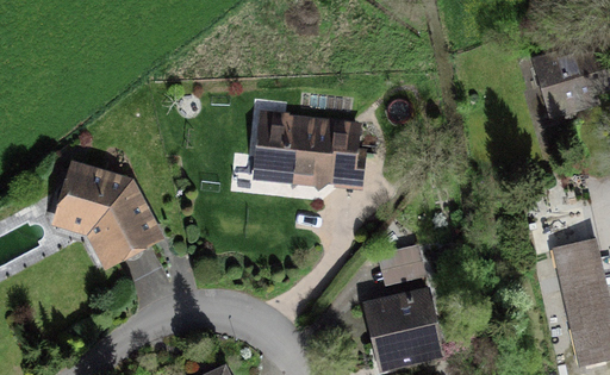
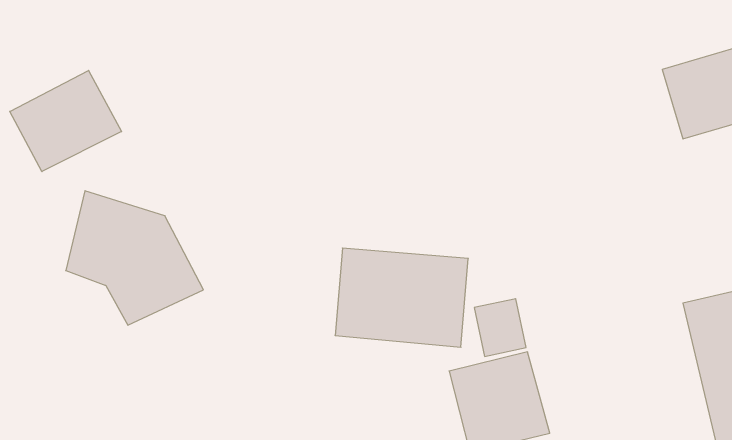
building: none -> [10,70,122,172]
building: [253,110,360,189] -> [335,248,468,347]

